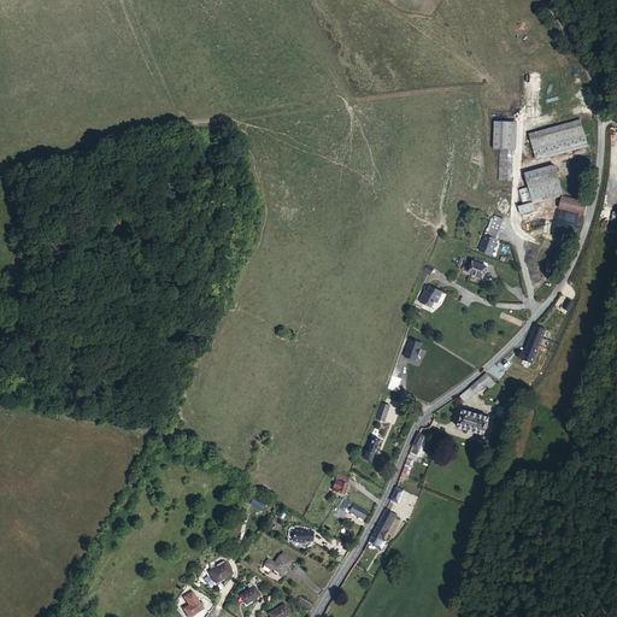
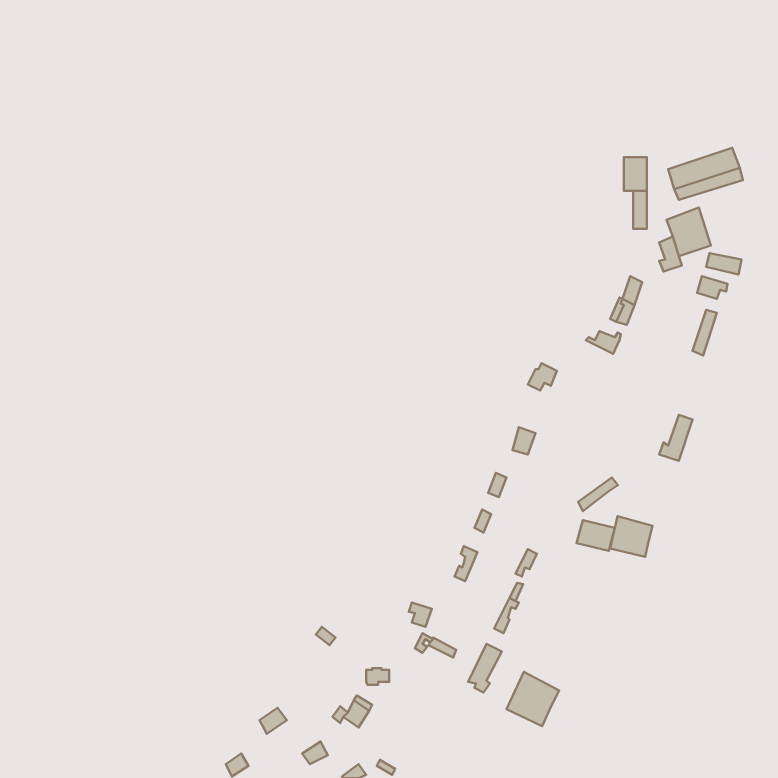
building: none -> [610,516,653,557]
building: none -> [506,672,559,726]

